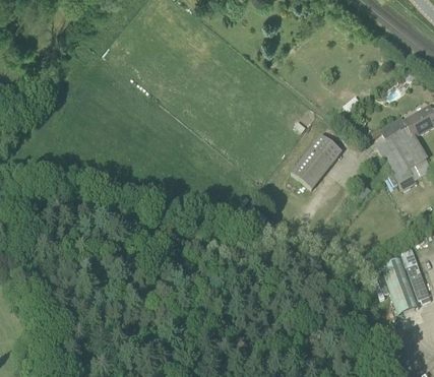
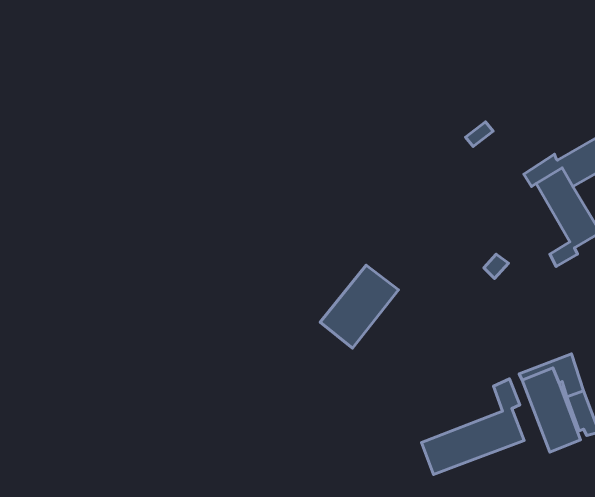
building: [291,134,343,189] -> [320,265,399,348]
building: [375,135,412,182] -> none
building: none -> [421,379,524,475]

